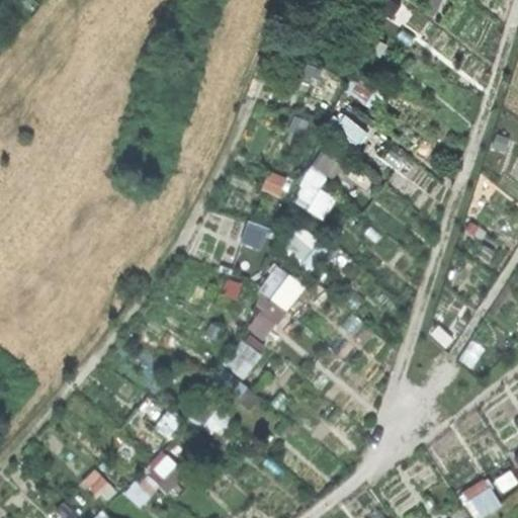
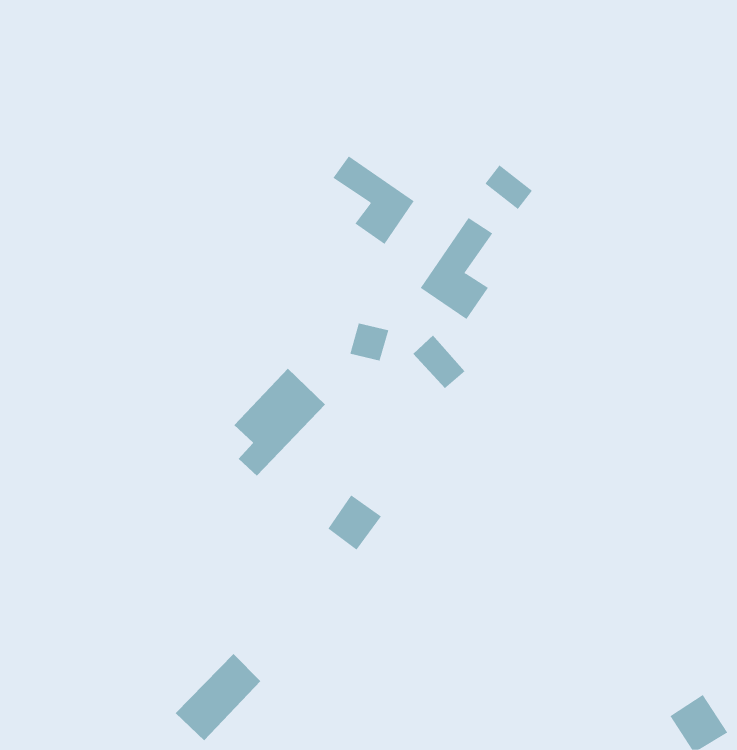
building: none -> [333,156,415,245]
building: [244,265,308,340] -> [233,368,326,477]

